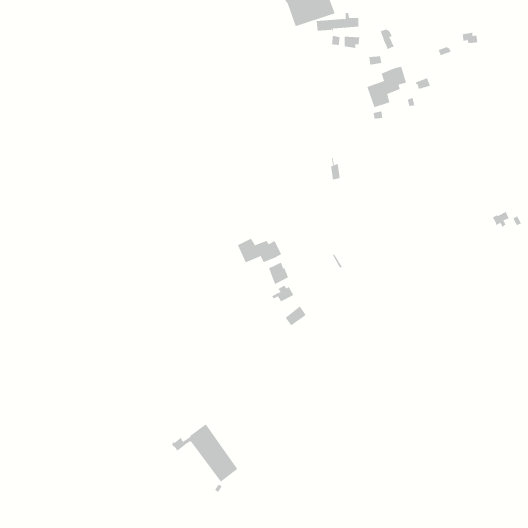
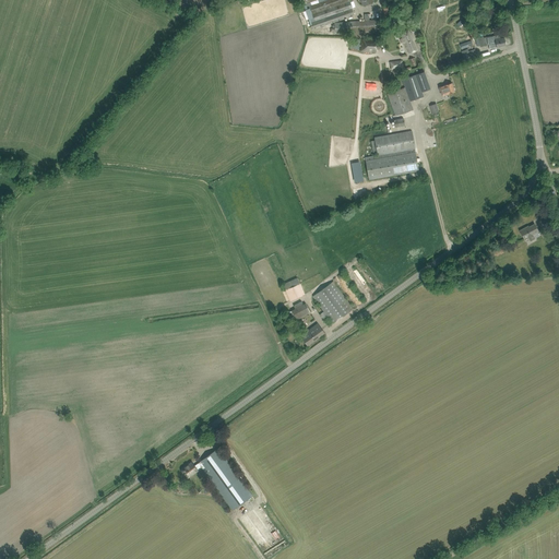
building: none -> [365,130,418,179]
building: [237,238,282,263] -> none
building: none -> [312,281,353,322]

